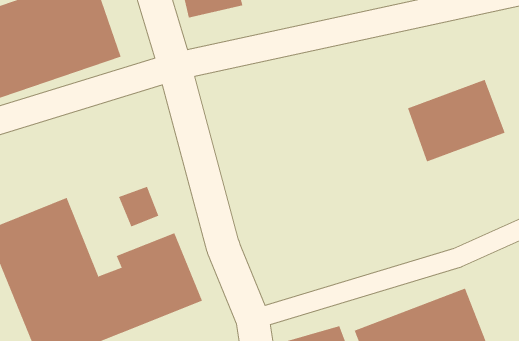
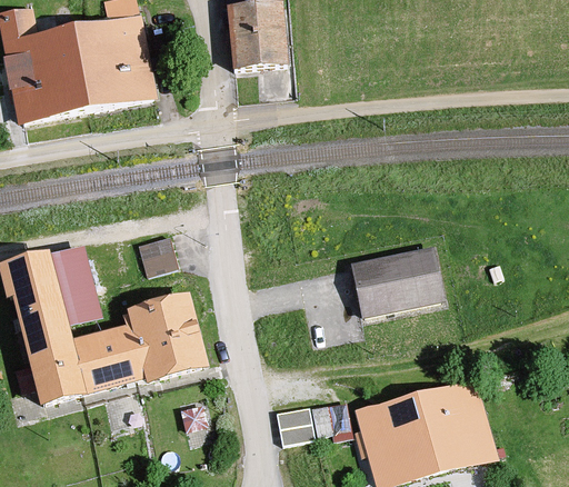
building: [407,79,506,162] -> [349,244,445,319]

